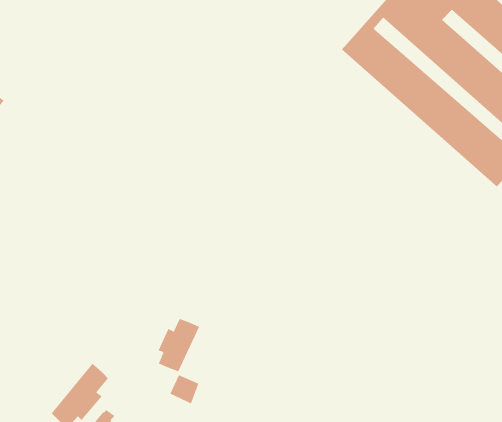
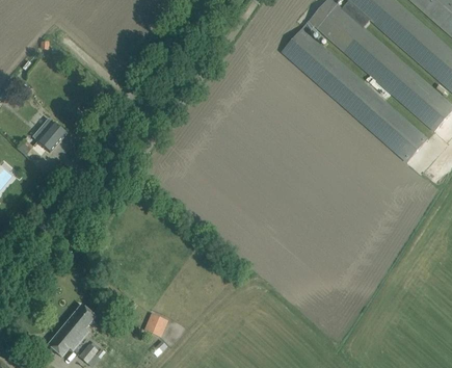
building: none -> [36,122,65,152]
building: [158,318,200,372] -> none

